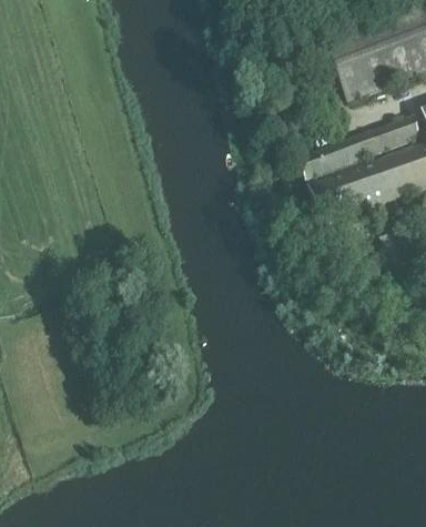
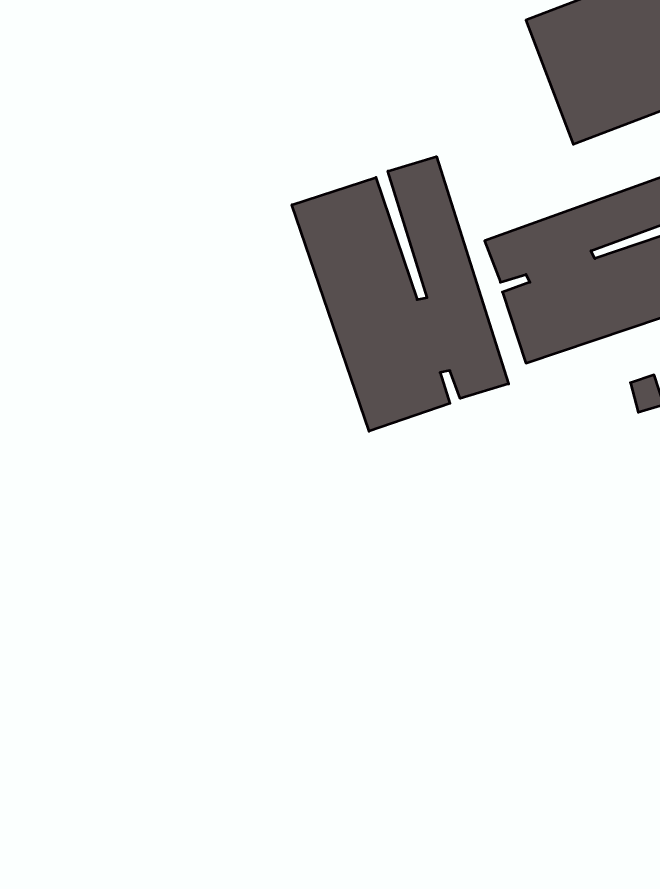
building: none -> [292,157,509,431]

